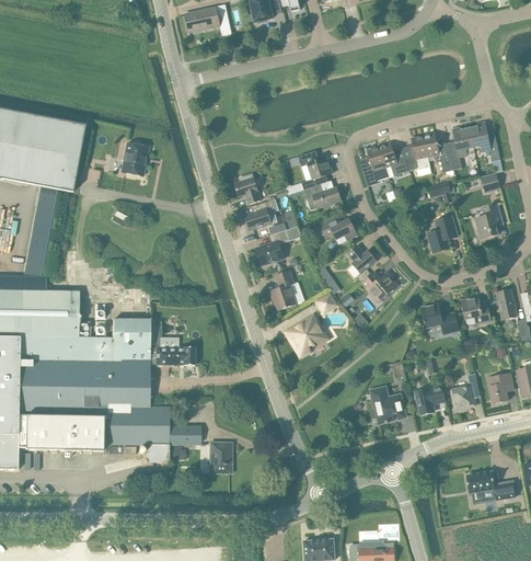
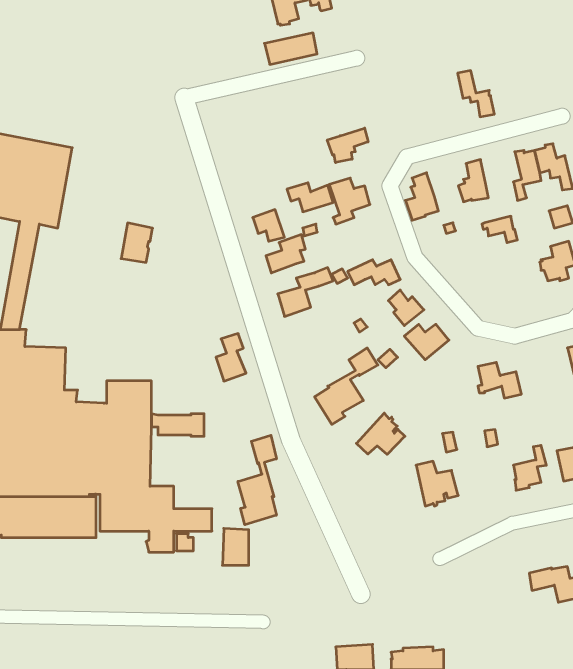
building: [184,7,228,33] -> [264,33,317,64]
building: none -> [327,128,368,163]
building: [424,133,454,171] -> [458,71,494,117]
building: [122,142,148,175] -> [121,223,153,262]
building: [379,142,409,176] -> none
building: [303,183,342,207] -> [287,183,333,212]
building: [425,215,455,252] -> none
building: [270,270,296,309] -> [216,334,246,381]
building: [461,296,490,323] -> none
building: none -> [356,413,405,454]
building: none -> [238,435,276,525]
building: [414,385,446,412] -> none

